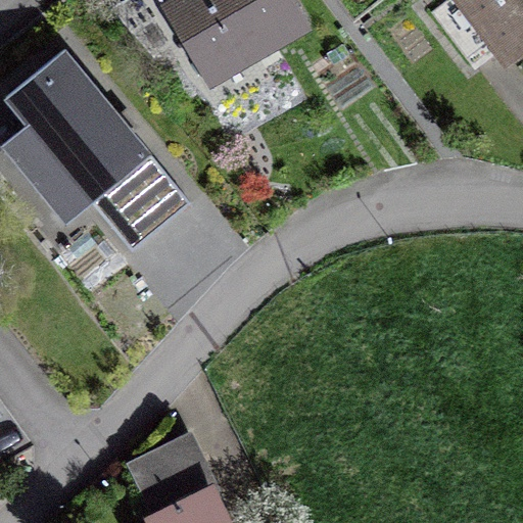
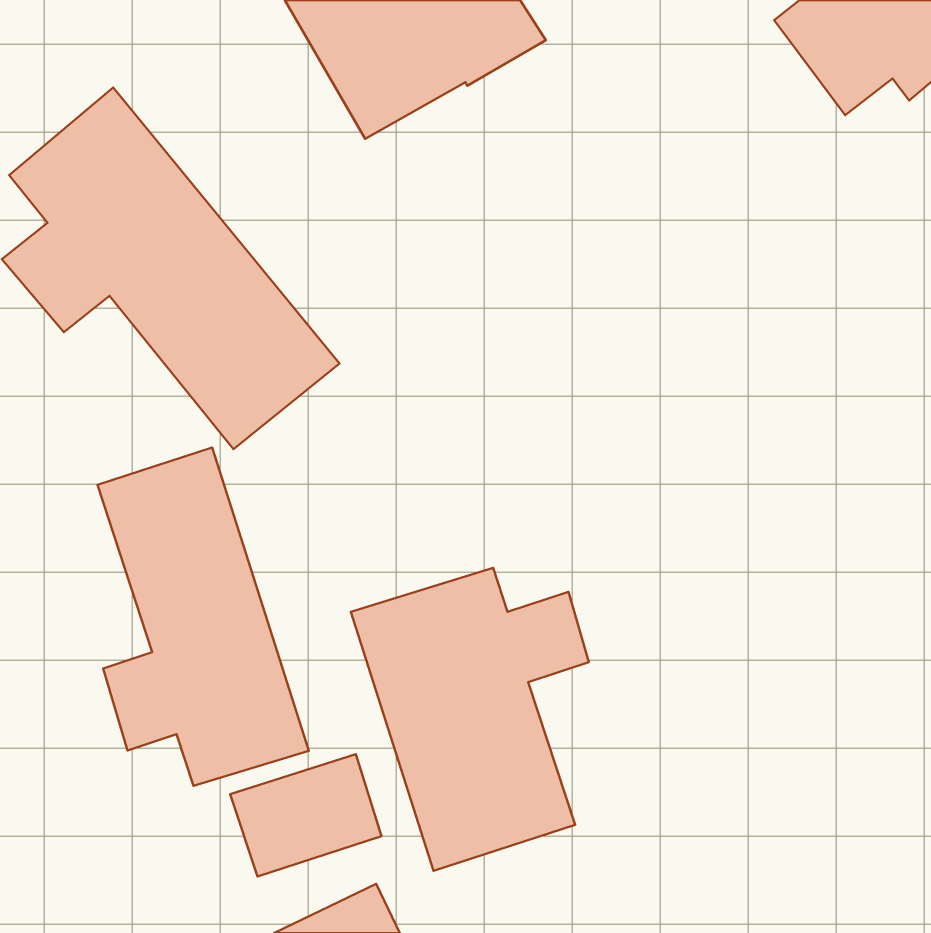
building: none -> [97,448,309,786]
building: none -> [351,568,589,871]

